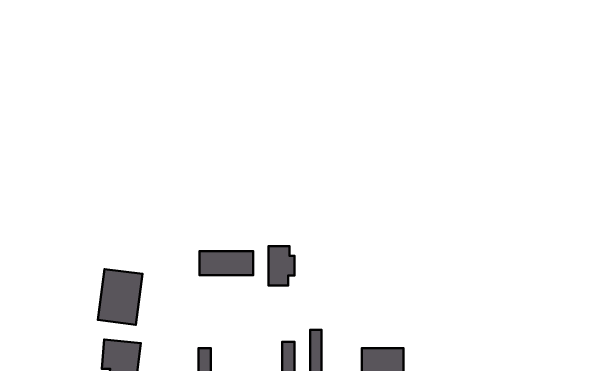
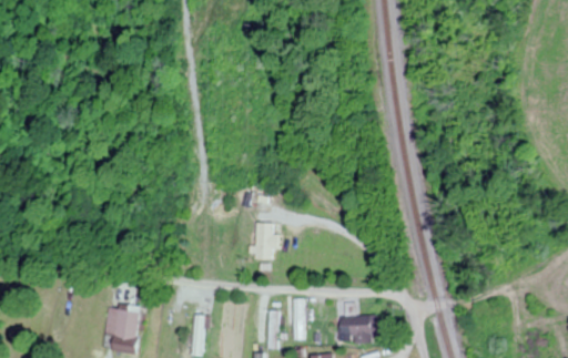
building: [199,251,253,275] -> none
building: [98,269,142,325] -> none

